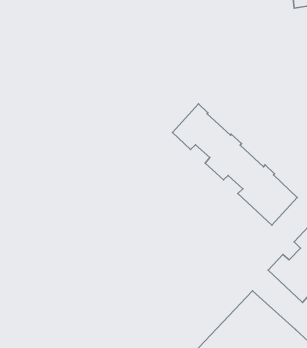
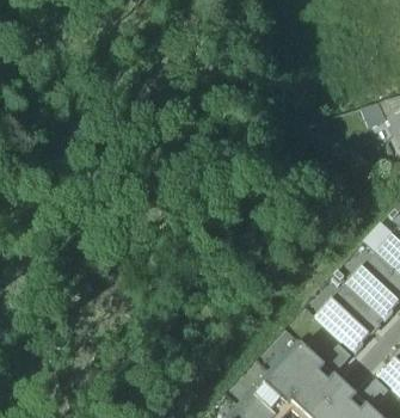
building: [172,104,297,225] -> none

